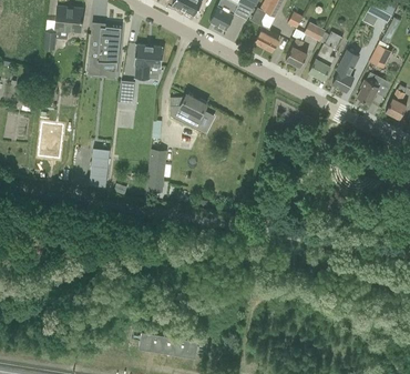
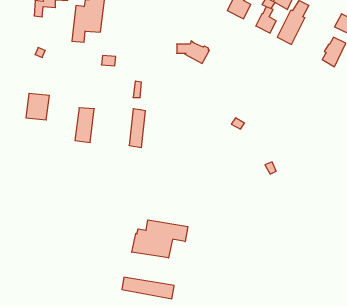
building: [133,47,162,81] -> none
building: [332,52,358,92] -> none
building: [171,94,206,119] -> [177,41,209,63]
building: none -> [132,220,188,258]

